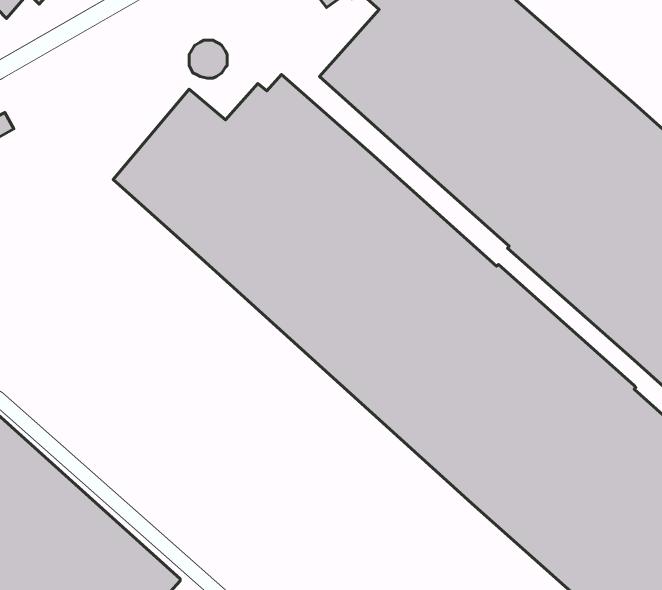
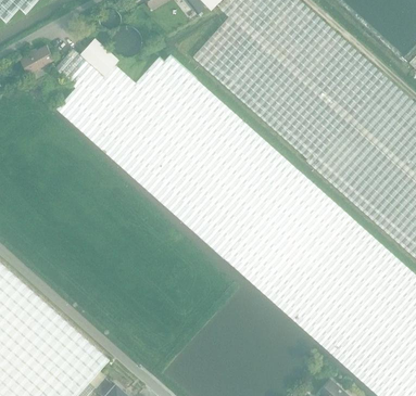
building: none -> [55,38,119,118]
building: none -> [21,46,55,75]

